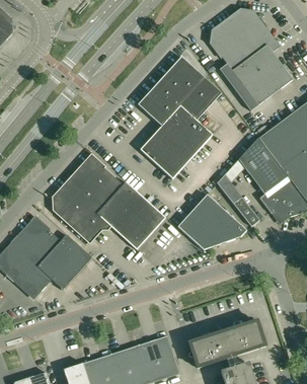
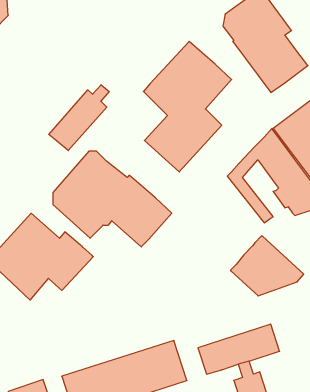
building: none -> [49,85,109,151]
building: [178,194,246,249] -> [231,236,304,296]

